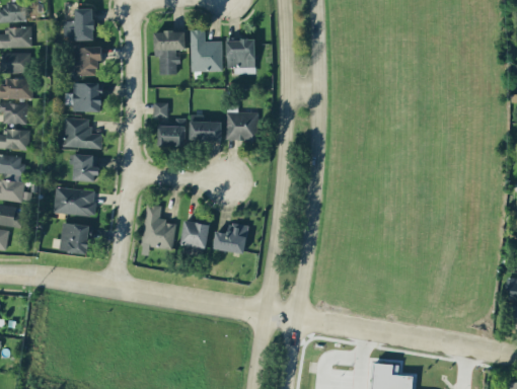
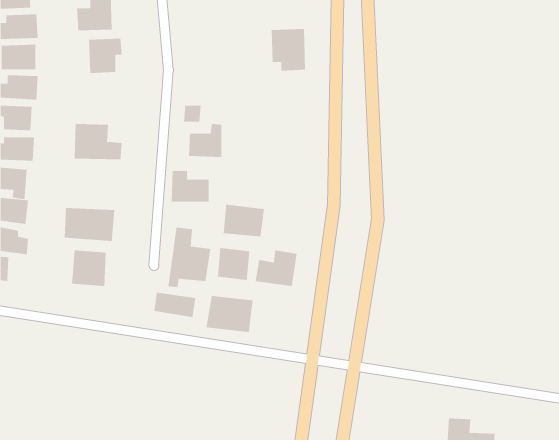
building: [190,29,222,71] -> none
building: [154,30,186,74] -> none
building: [70,82,102,111] -> none
building: [226,111,258,141] -> none
building: [190,114,222,141] -> [171,171,210,202]
building: [73,154,97,181] -> none
building: none -> [223,204,264,237]
building: none -> [154,292,196,318]
building: none -> [206,295,253,333]

